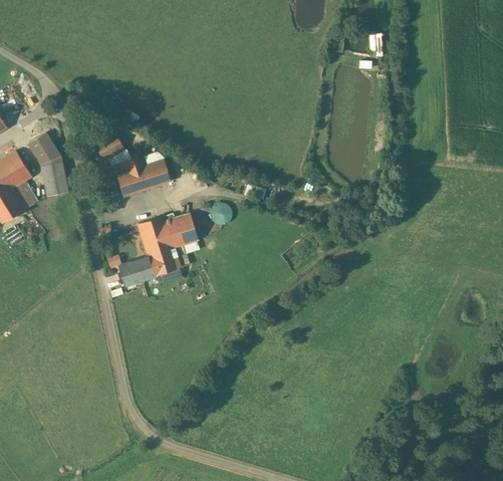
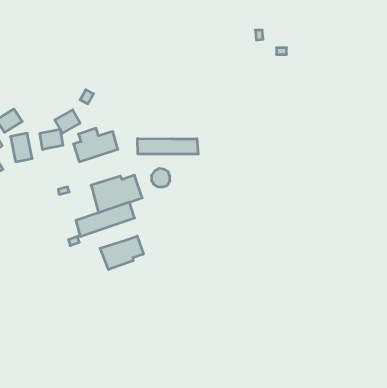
building: none -> [40,129,63,150]
building: none -> [138,138,198,154]
building: none -> [100,236,143,270]

